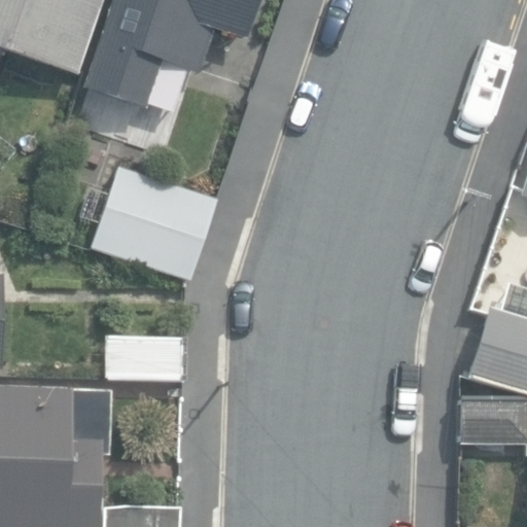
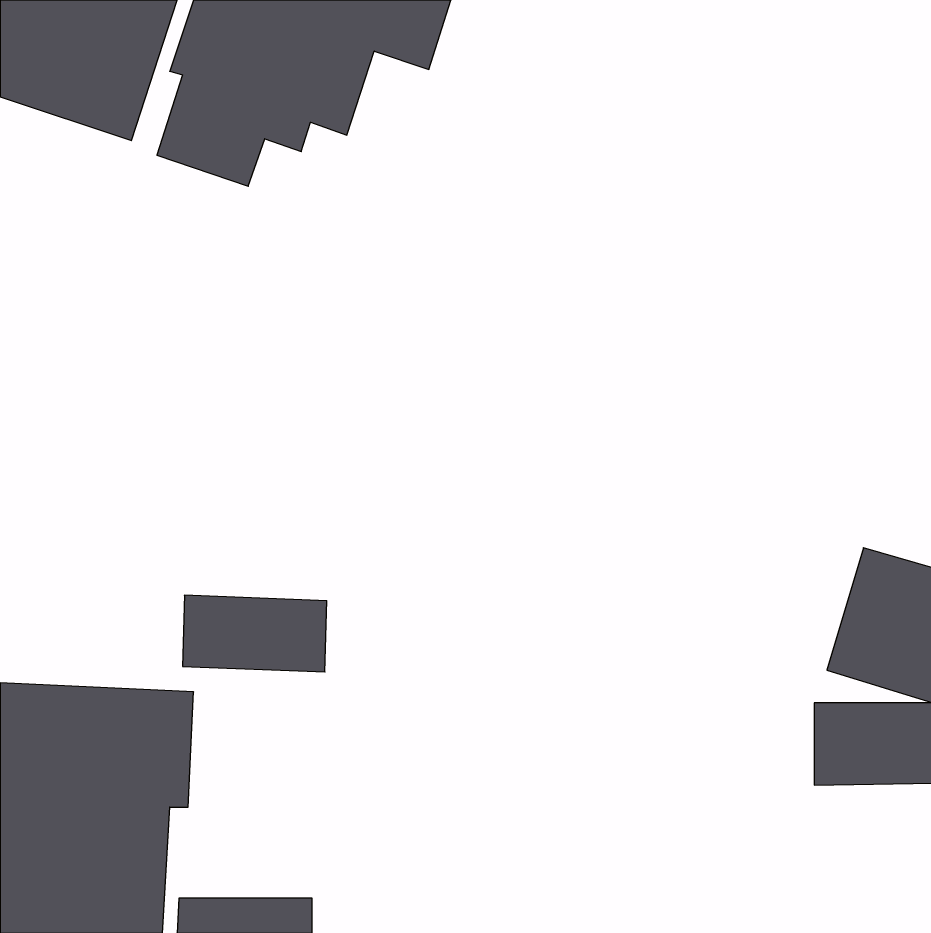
building: [90,164,218,283] -> none

